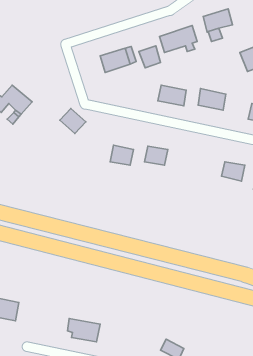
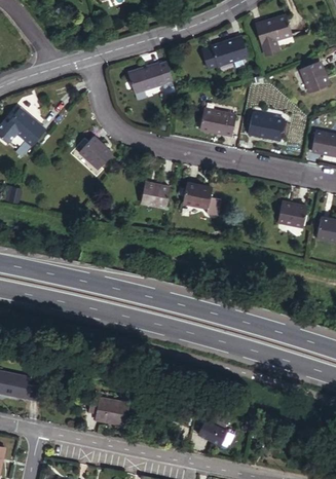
building: [139,46,160,68] -> none

